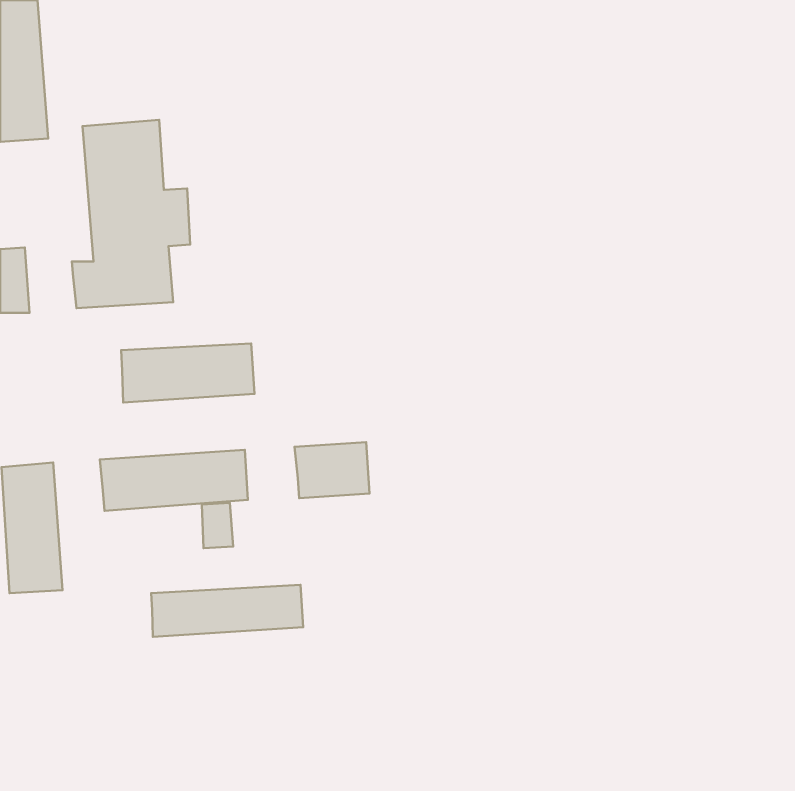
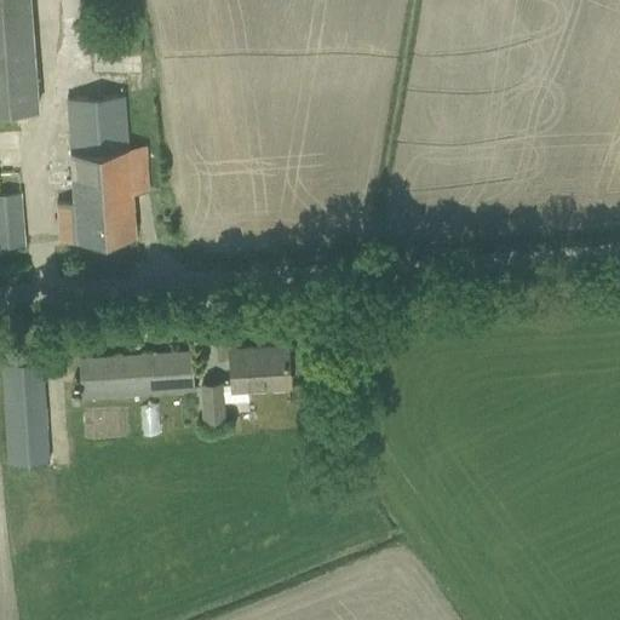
building: [121,344,255,402] -> none
building: [202,503,233,548] -> [201,386,225,421]
building: [151,585,303,637] -> none

